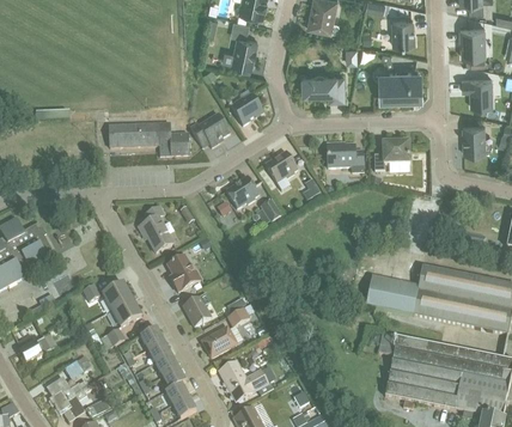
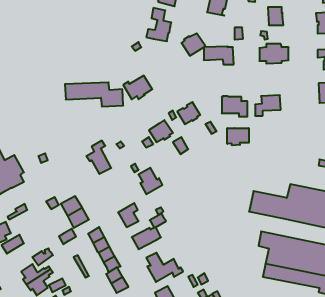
building: [230,93,263,124] -> [181,33,205,56]
building: none -> [227,128,249,145]
building: [166,255,200,292] -> [138,168,162,194]

